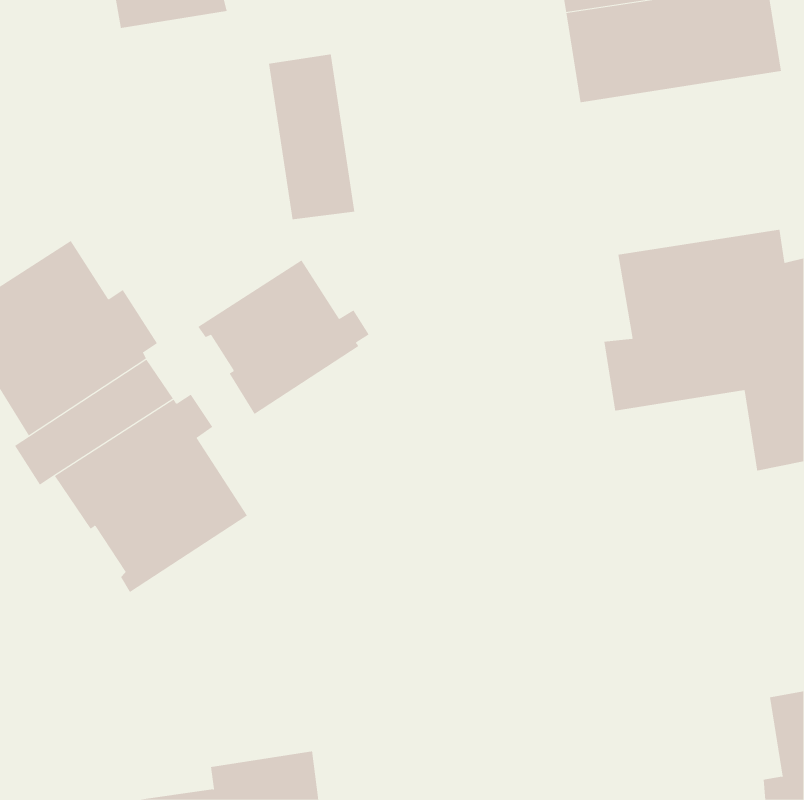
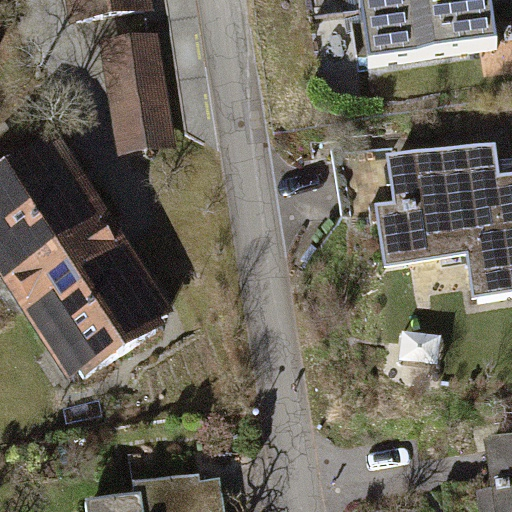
building: [268,54,355,220] -> [110,42,165,147]
building: [197,259,369,415] -> none

